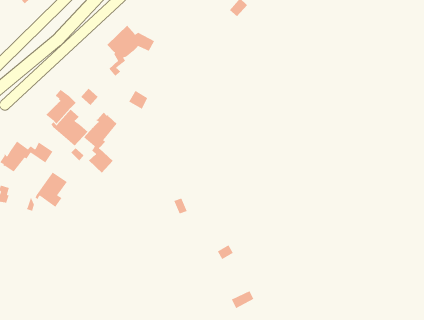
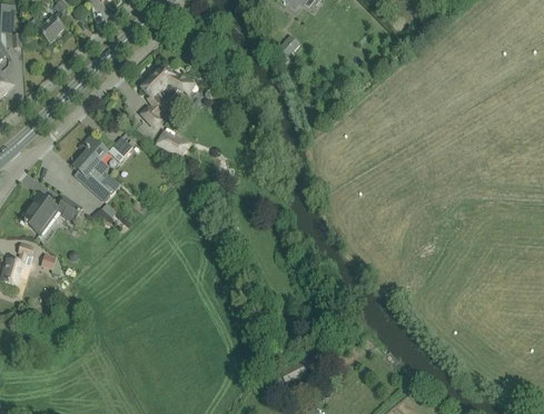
building: [83,111,118,173] -> none
building: [34,171,68,208] -> none

